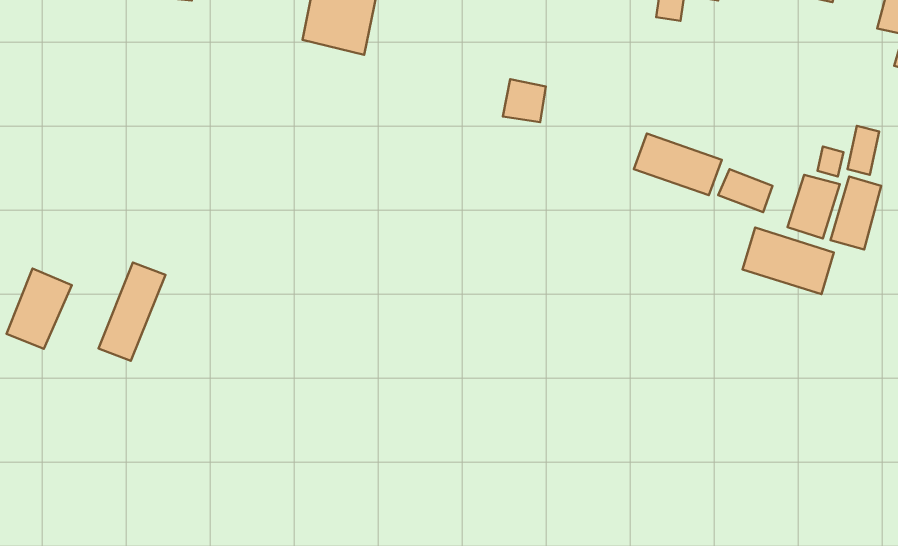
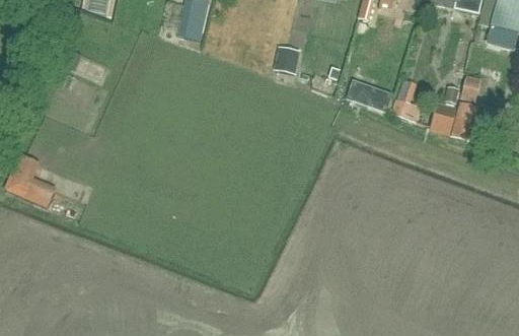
building: [743,228,834,294] -> none
building: [98,263,165,361] -> none

